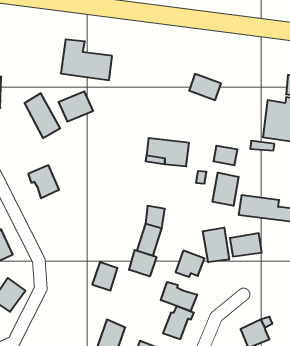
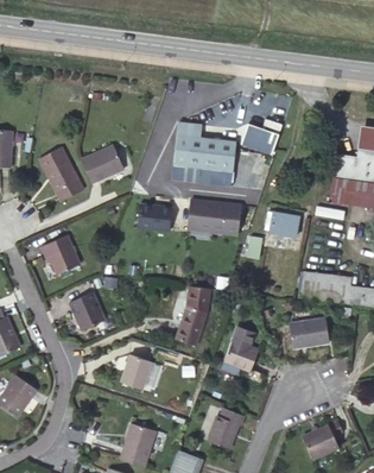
building: [61,39,112,80] -> [172,125,235,175]
building: none -> [138,203,171,231]
building: [212,173,239,206] -> none
building: none -> [70,292,104,329]
building: [203,227,229,262] -> none
building: [129,250,156,276] -> none
building: [161,282,197,311] -> none

